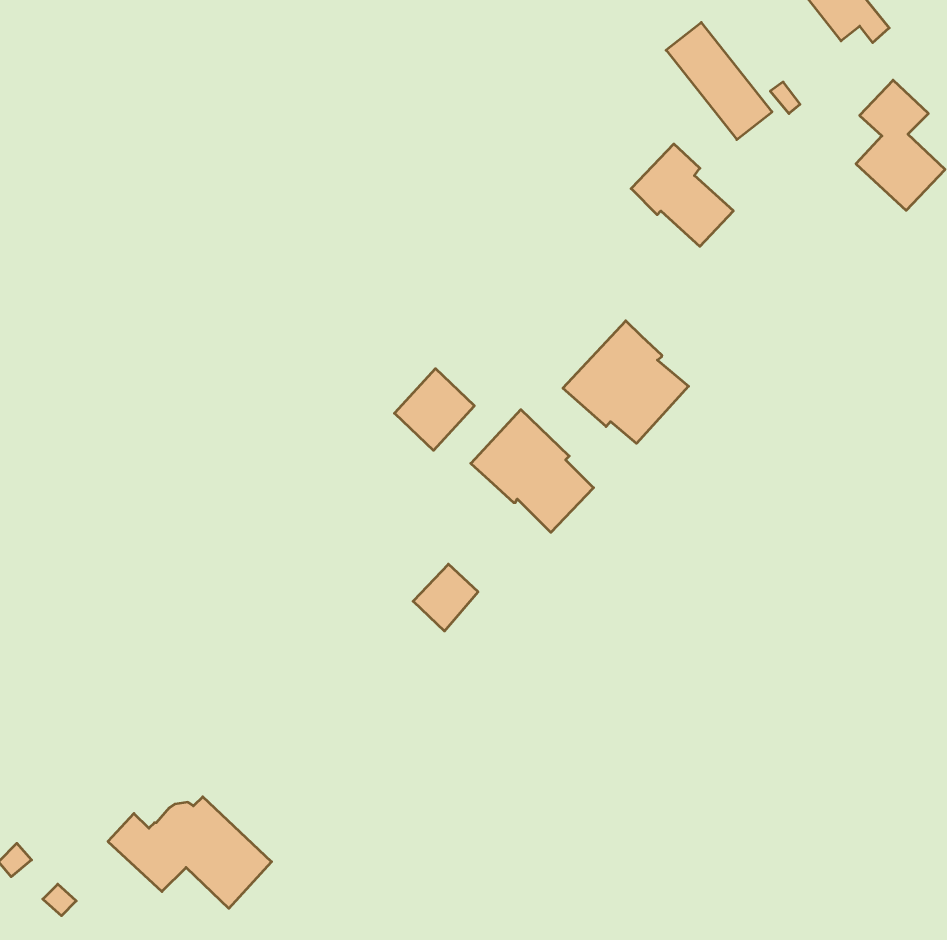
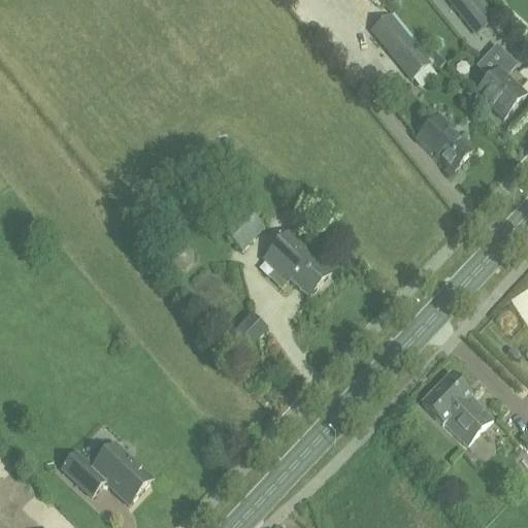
building: [631,144,733,246] -> [414,112,470,169]
building: [563,321,689,443] -> none
building: none -> [419,372,490,443]

